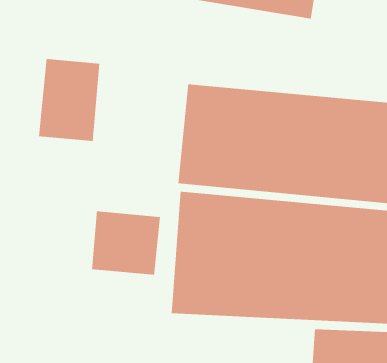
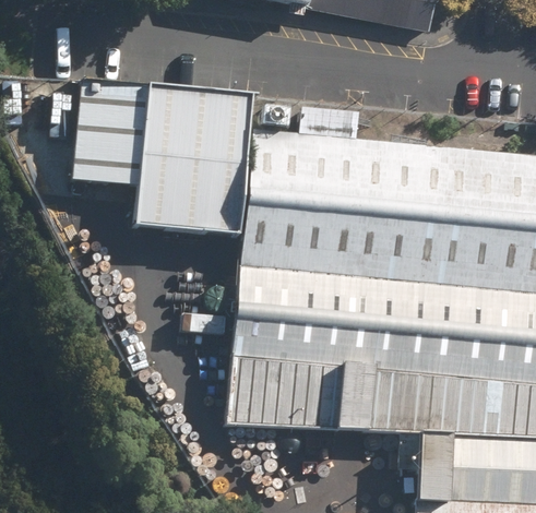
building: none -> [139,93,257,246]
building: [92,211,160,276] -> none

